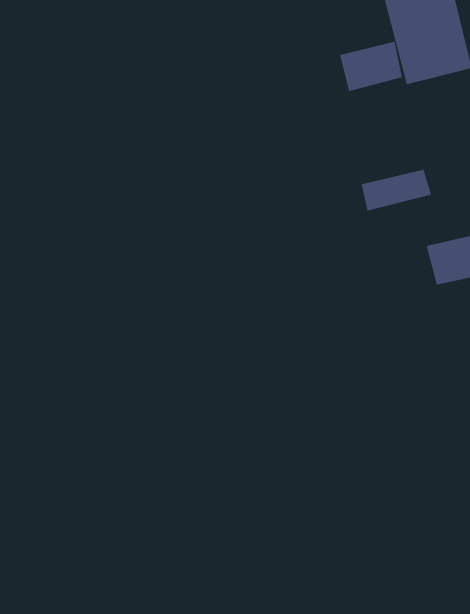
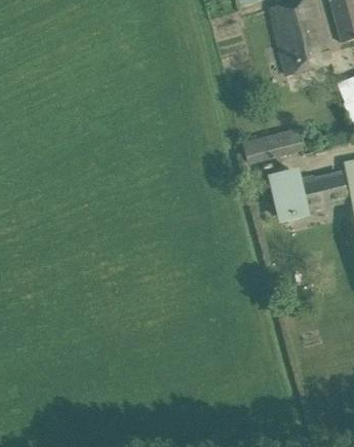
building: [339,41,403,92] -> none
building: none -> [266,174,306,218]

